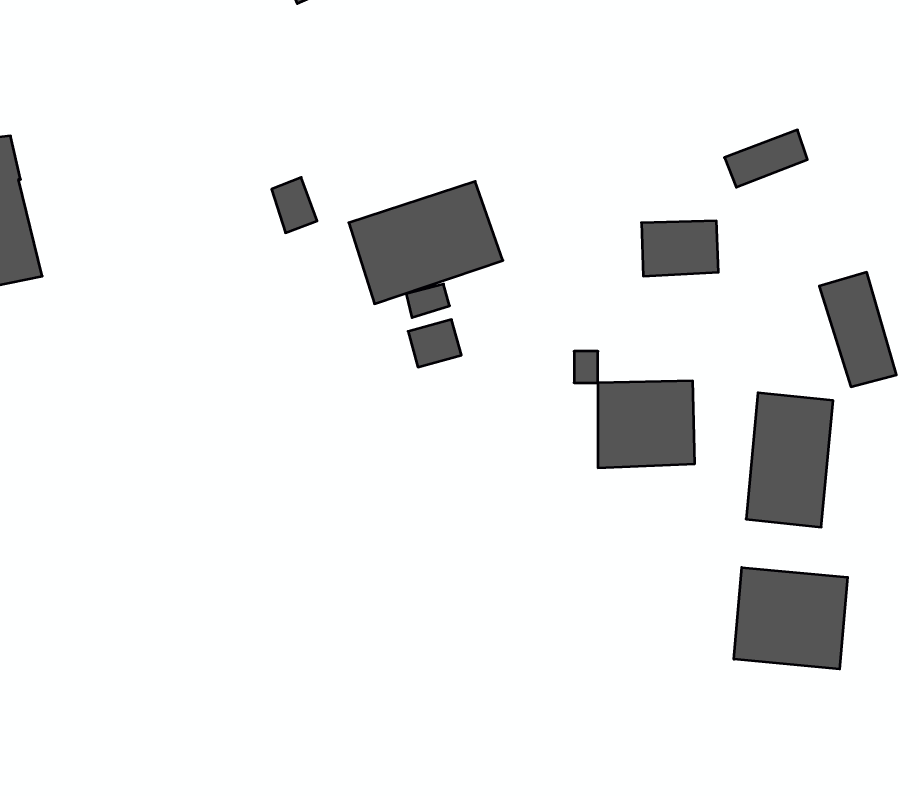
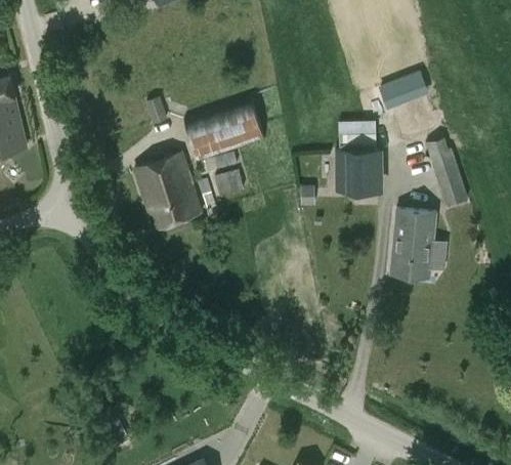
building: none -> [133,153,203,229]
building: [598,381,695,468] -> [334,149,384,194]
building: [734,567,848,669] -> none

